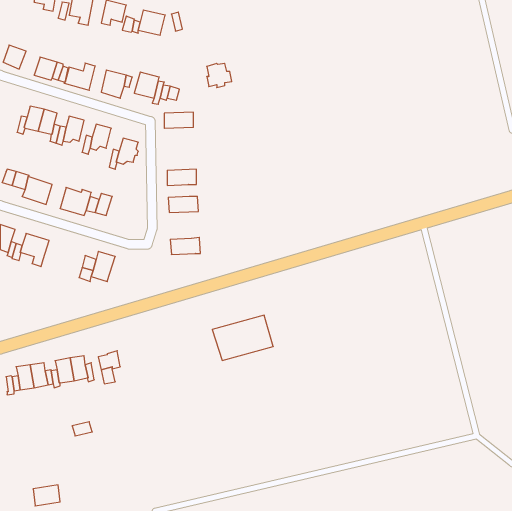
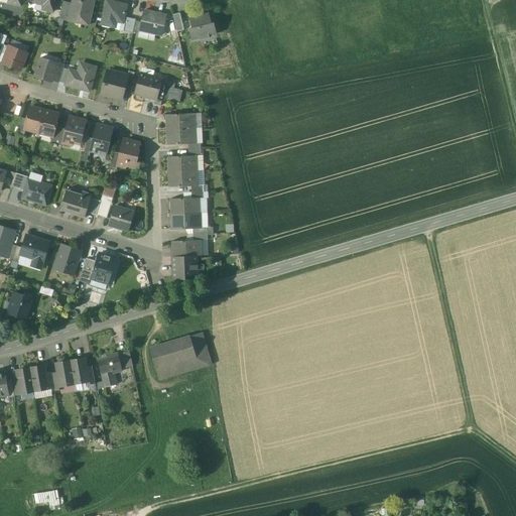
building: [207,63,232,88] -> [189,15,215,39]
building: none -> [165,128,196,144]
building: none -> [167,155,198,171]
building: none -> [109,206,134,231]
building: none -> [170,213,201,229]
building: none -> [53,243,82,274]
building: none -> [172,255,197,279]
building: none -> [9,290,32,317]
building: [212,315,273,360] -> [149,333,211,378]

